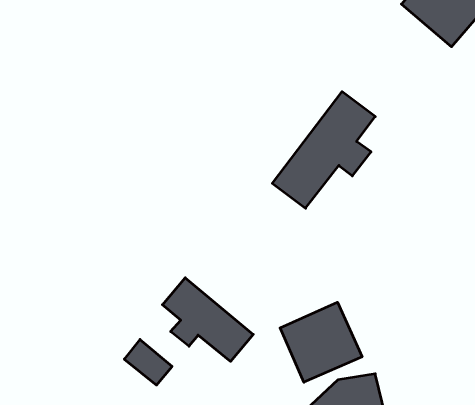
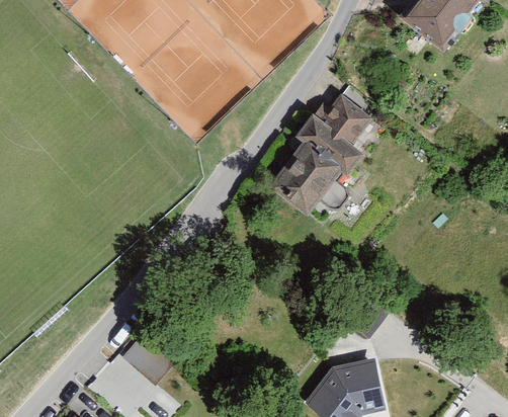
building: [162,278,253,361] -> none
building: [280,302,362,382] -> none

